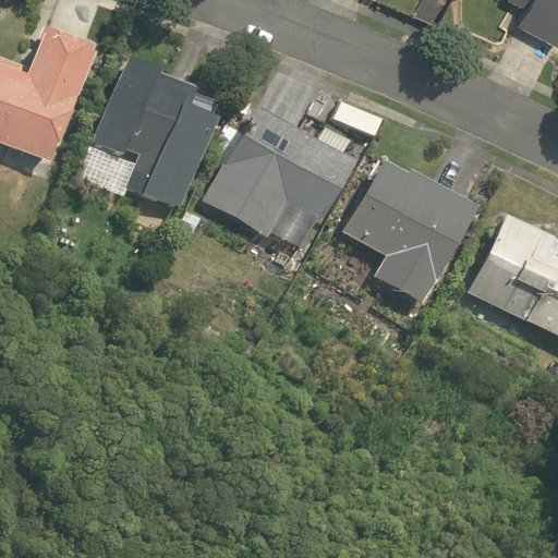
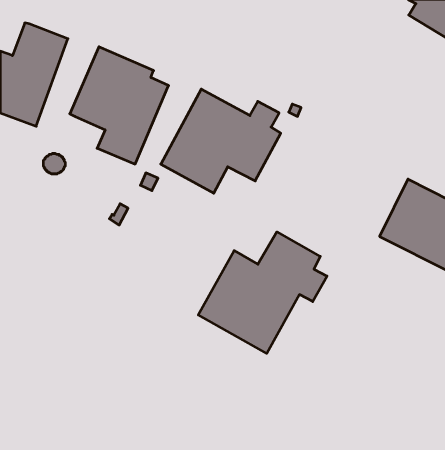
building: [343,161,478,305] -> none
building: none -> [198,232,327,353]

